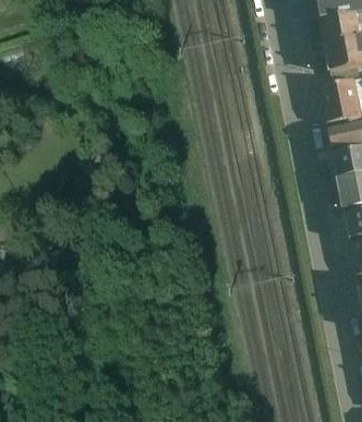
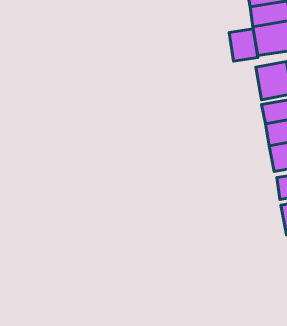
building: none -> [229,29,258,61]

